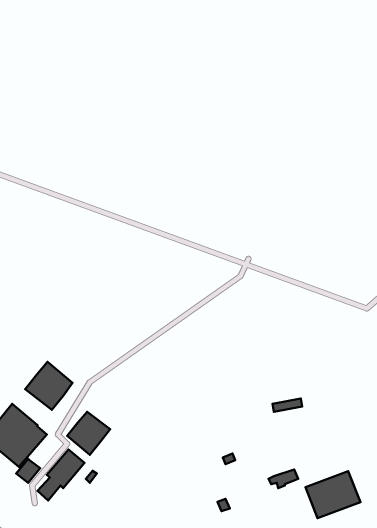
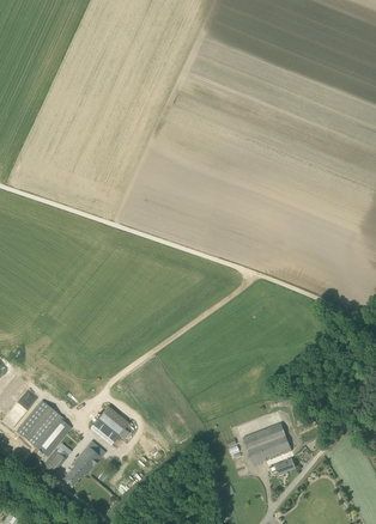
building: [25,362,73,410] -> none
building: [305,471,360,518] -> [242,421,291,463]

